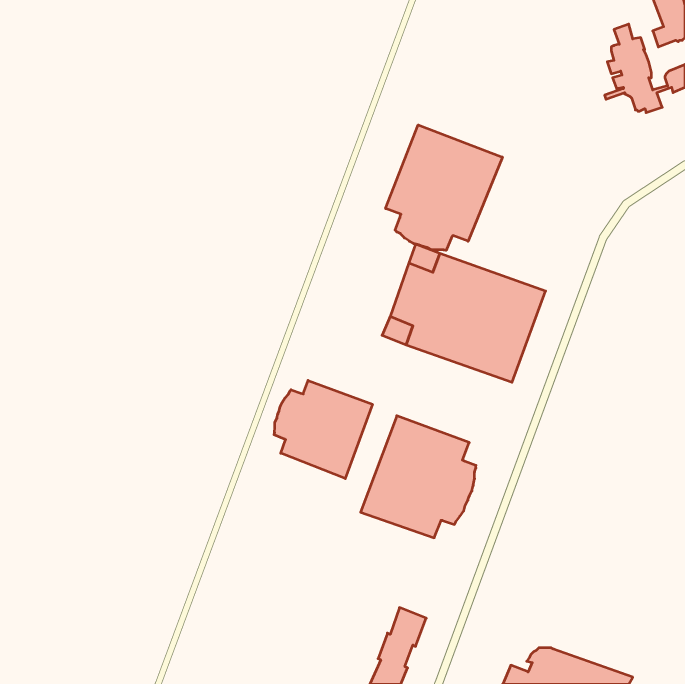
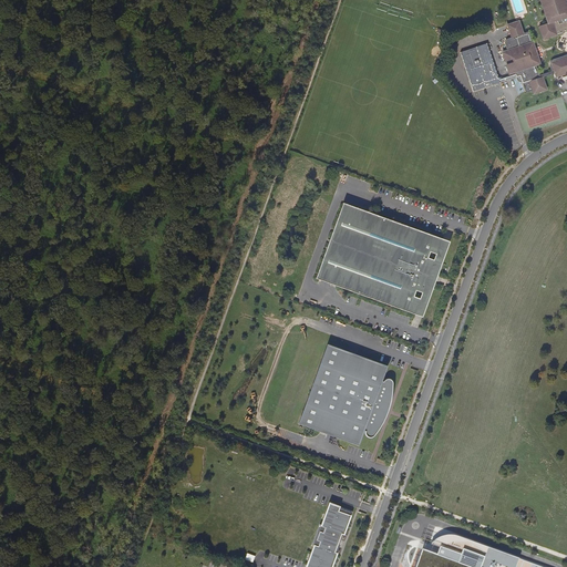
building: none -> [460,43,501,91]
building: [386,125,502,250] -> none
building: [274,380,372,479] -> none

